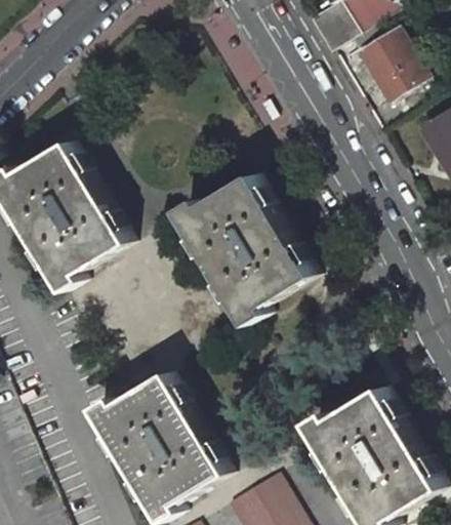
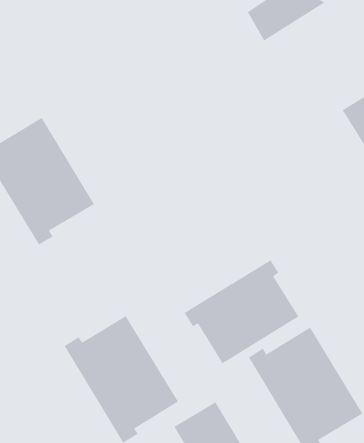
building: [346,35,419,106] -> none
building: [175,173,310,324] -> none
building: none -> [184,260,299,364]

